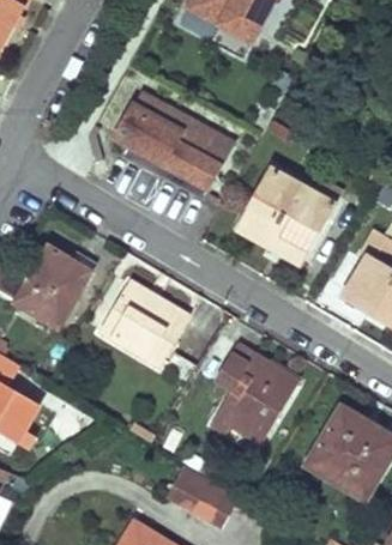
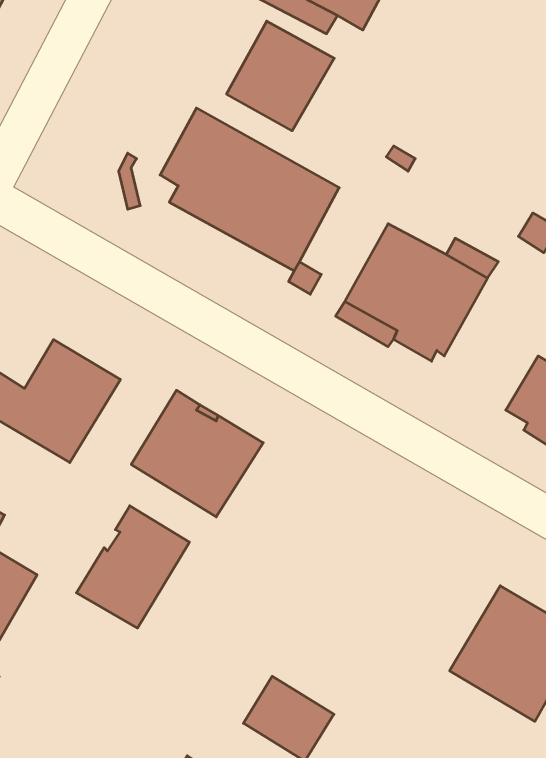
building: none -> [227,21,334,131]
building: [213,344,300,442] -> none
building: none -> [76,506,189,628]

